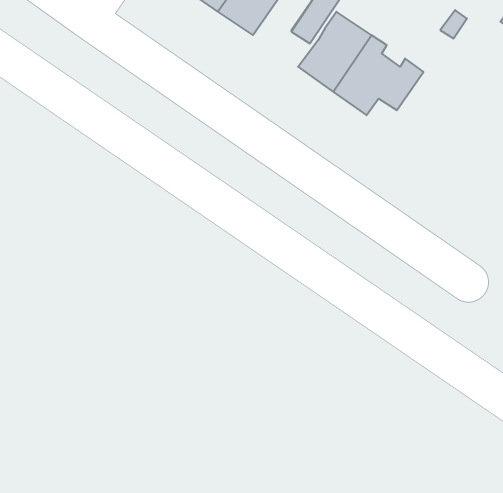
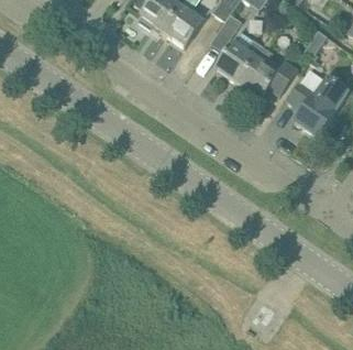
building: none -> [294,78,334,138]

